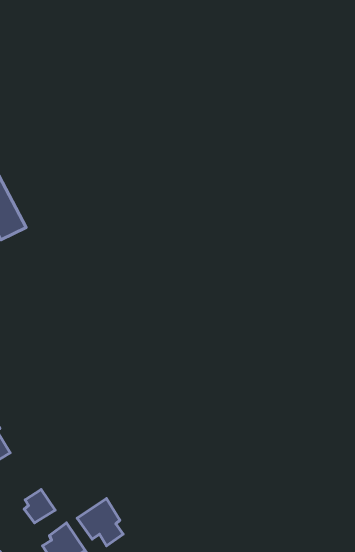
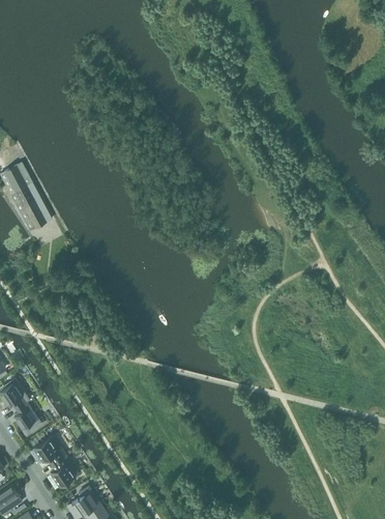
building: none -> [34,436,65,465]
building: [77,499,123,546] -> none

